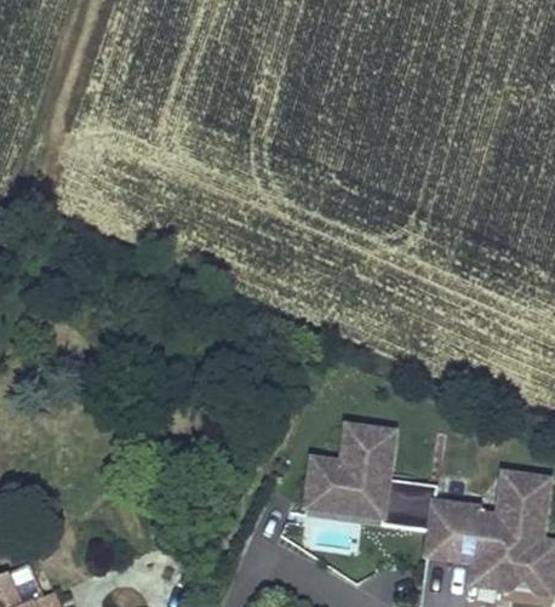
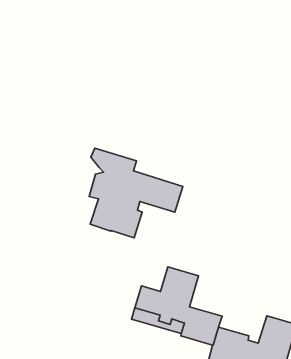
building: none -> [89,148,183,238]

